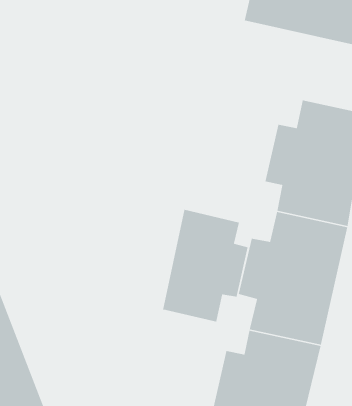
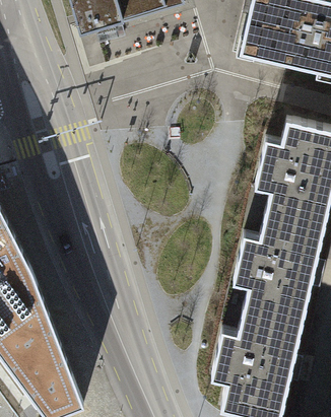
building: [162,209,249,323] -> none

